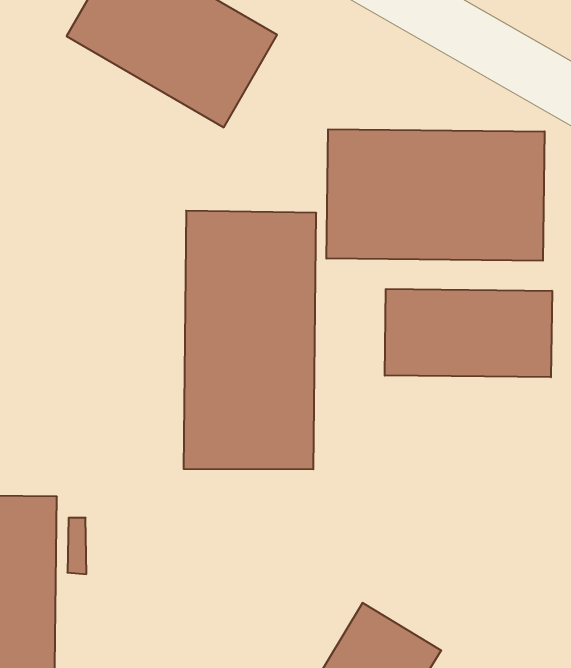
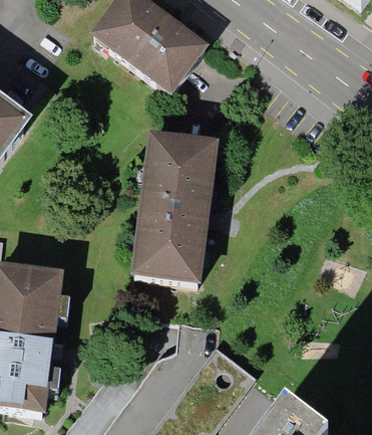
building: [326,129,545,261] -> none
building: [385,289,552,377] -> none

